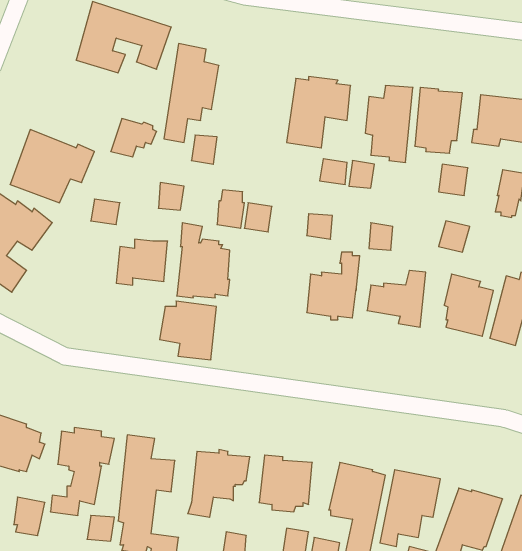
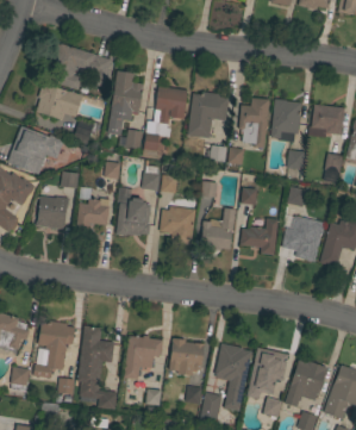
building: none -> [37,82,83,120]
building: none -> [143,86,188,158]
building: none -> [37,195,69,229]
building: [160,301,216,360] -> [160,206,196,244]

